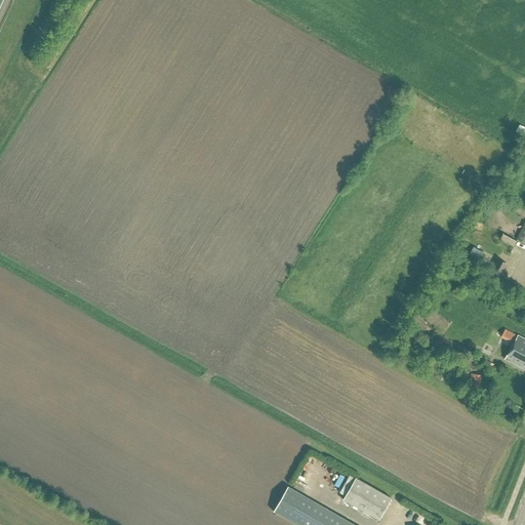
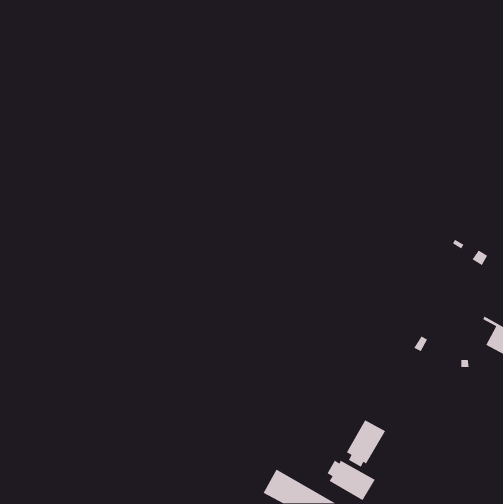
building: none -> [346,419,386,468]

